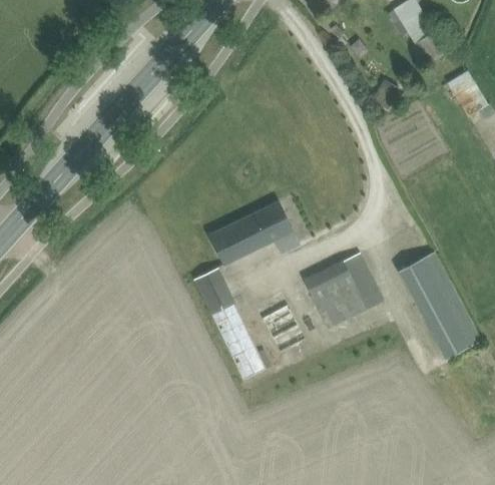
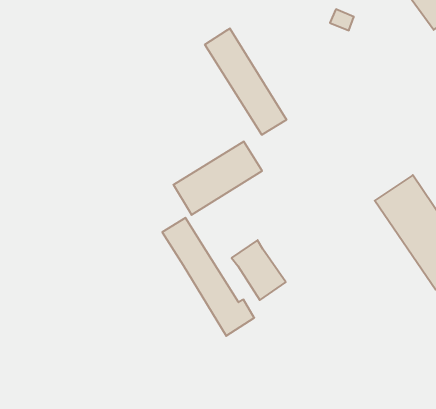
building: none -> [205,28,286,135]
building: [304,254,377,329] -> none

